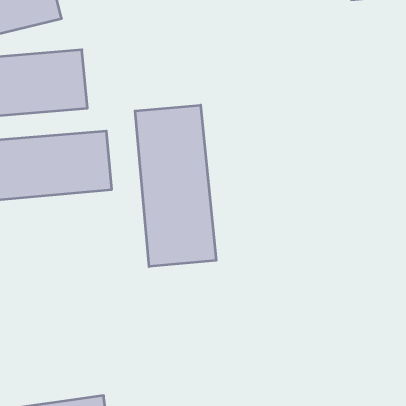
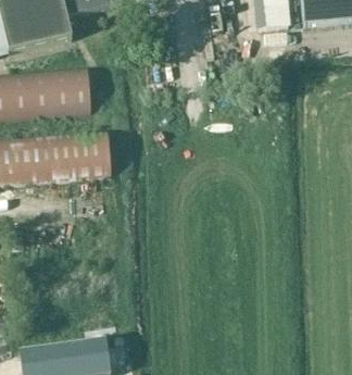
building: [135,105,216,267] -> none

